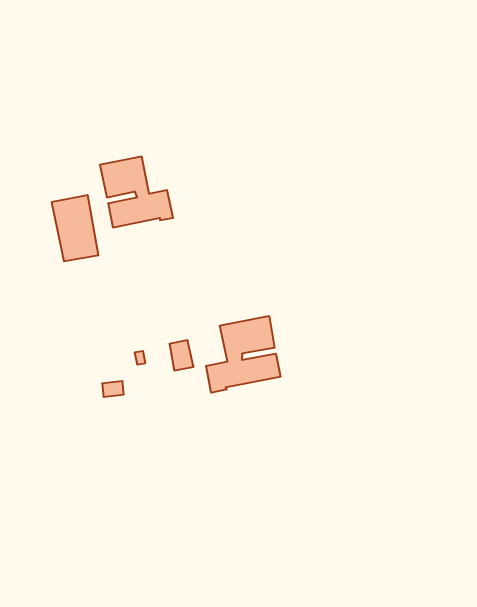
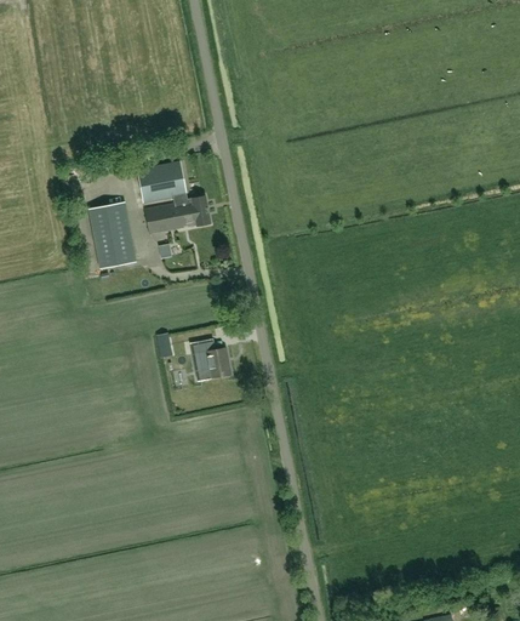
building: [206,316,280,393] -> none

